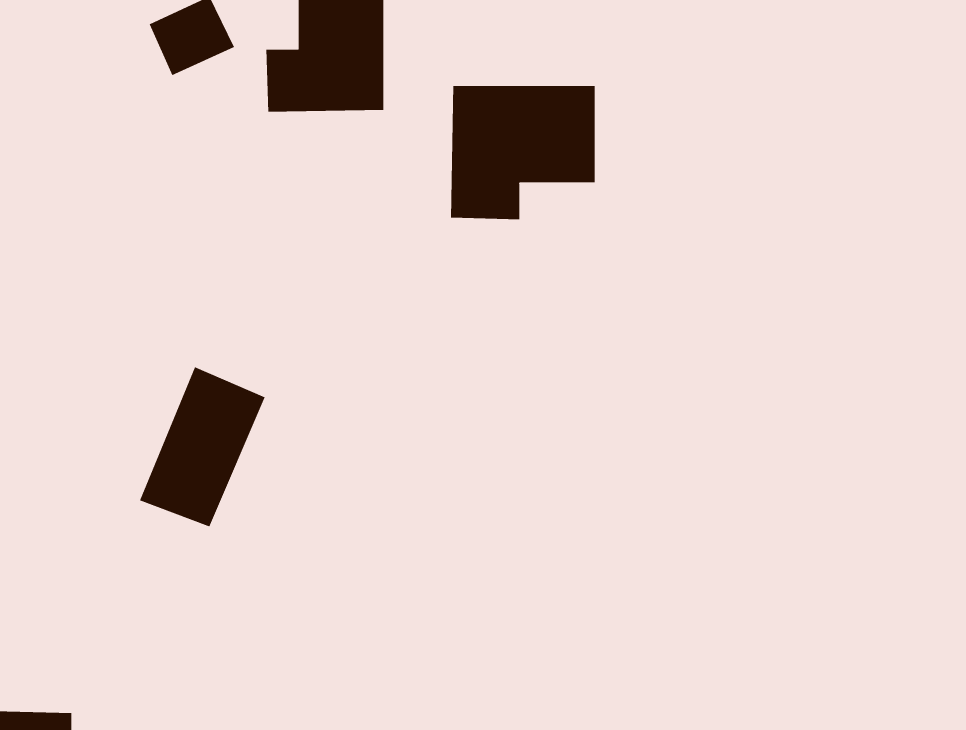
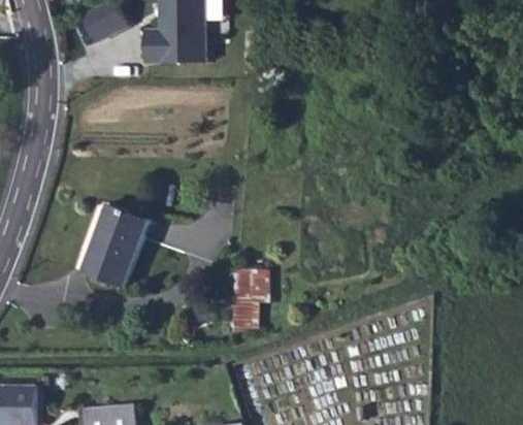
building: [451,85,595,220] -> none
building: none -> [232,267,268,331]

